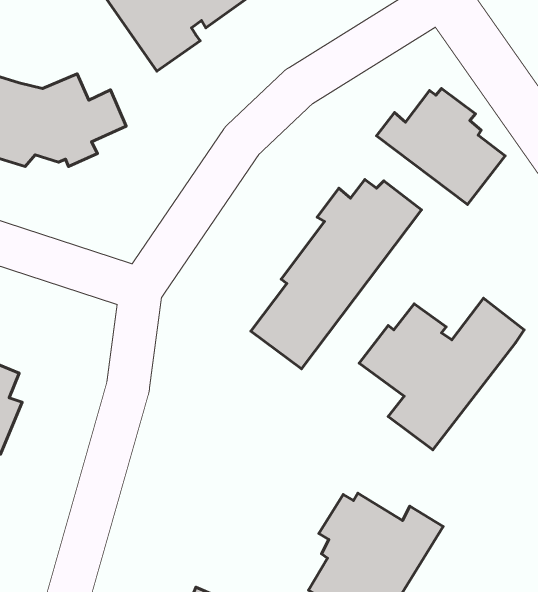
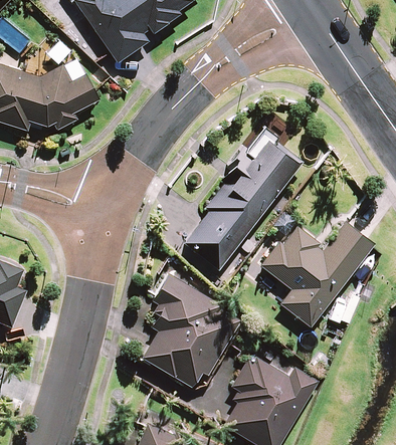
building: [376,88,505,204] -> none
building: none -> [141,272,239,387]

